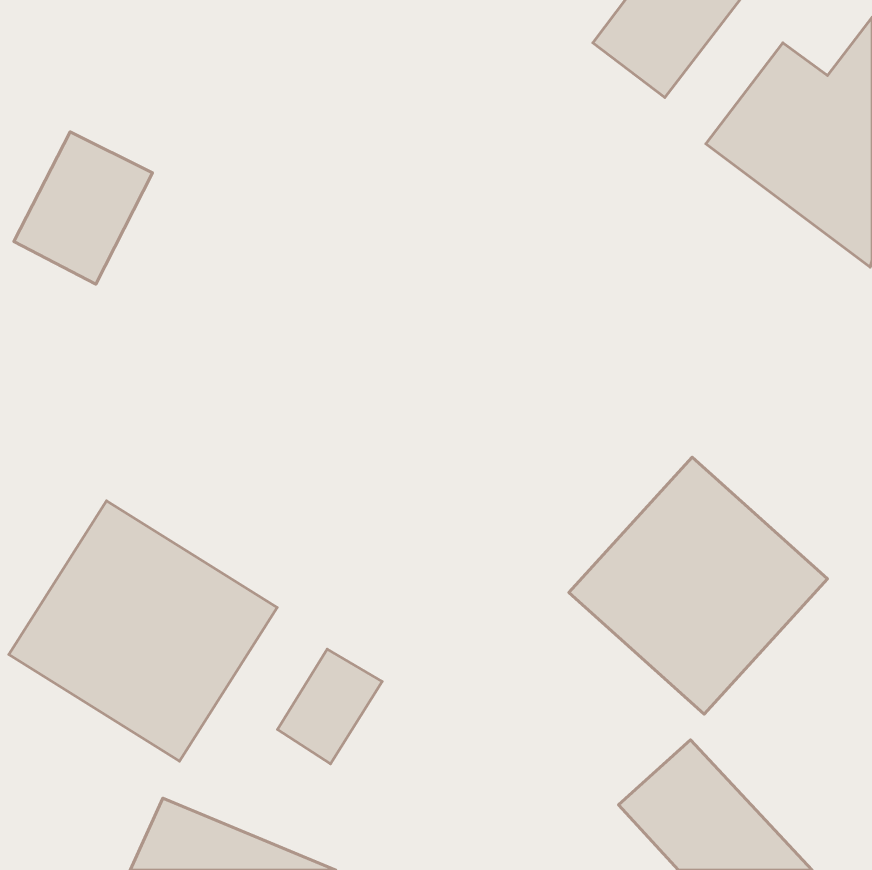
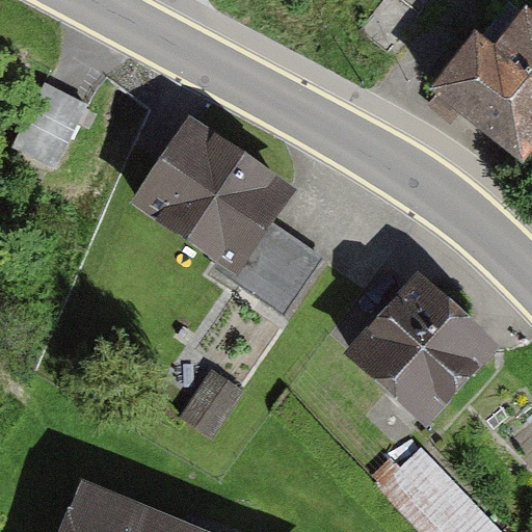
building: none -> [133,114,319,313]
building: [9,501,277,761] -> none

